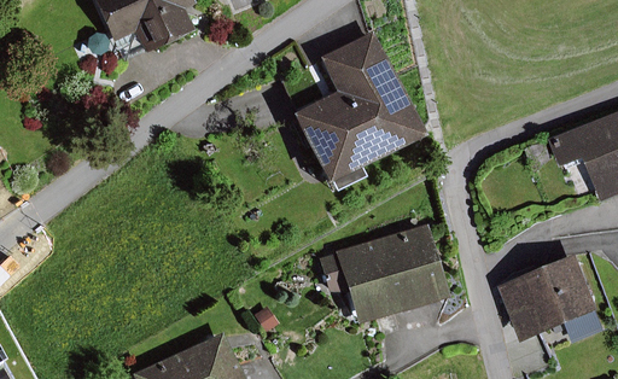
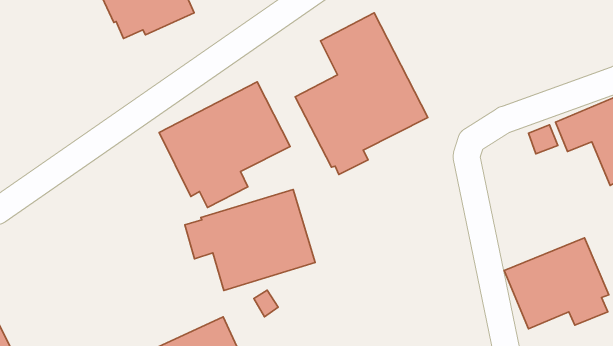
building: none -> [159,82,290,208]
building: [319,223,448,323] -> [185,190,315,290]

